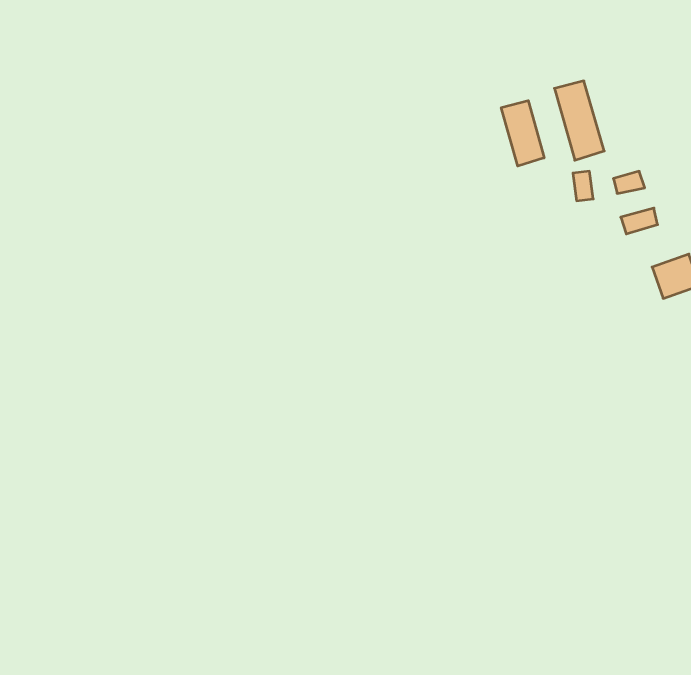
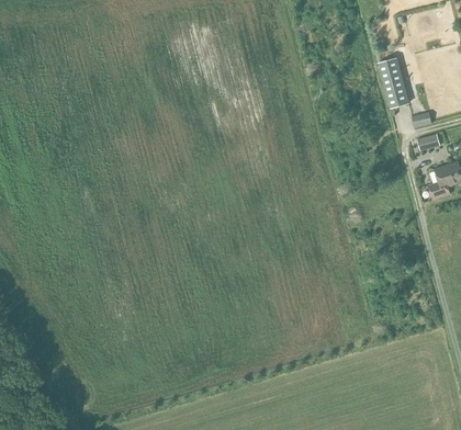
building: [501,101,544,166] -> none

